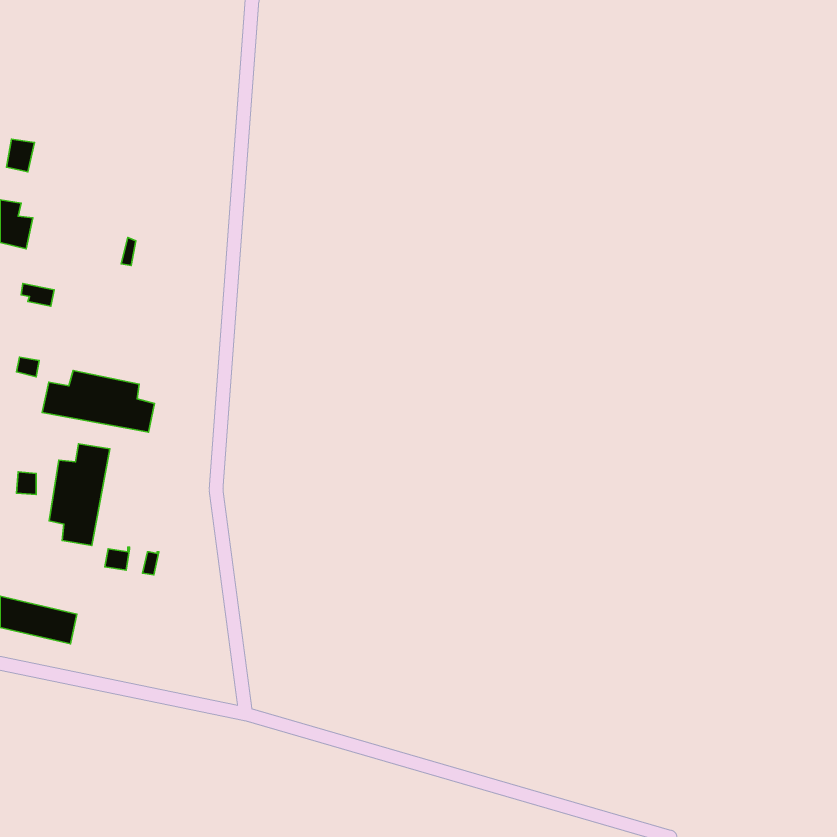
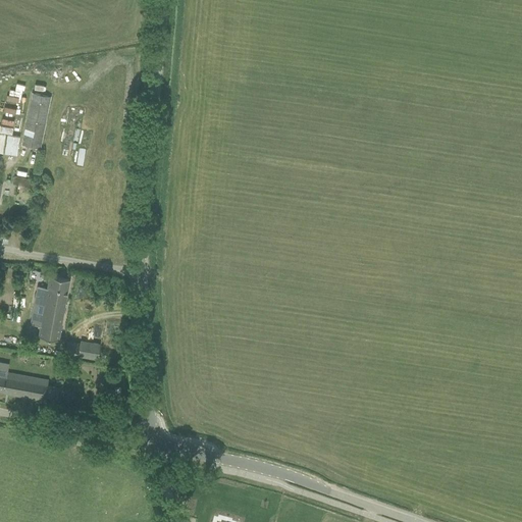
building: none -> [21,93,51,149]
building: [42,370,155,432] -> none

